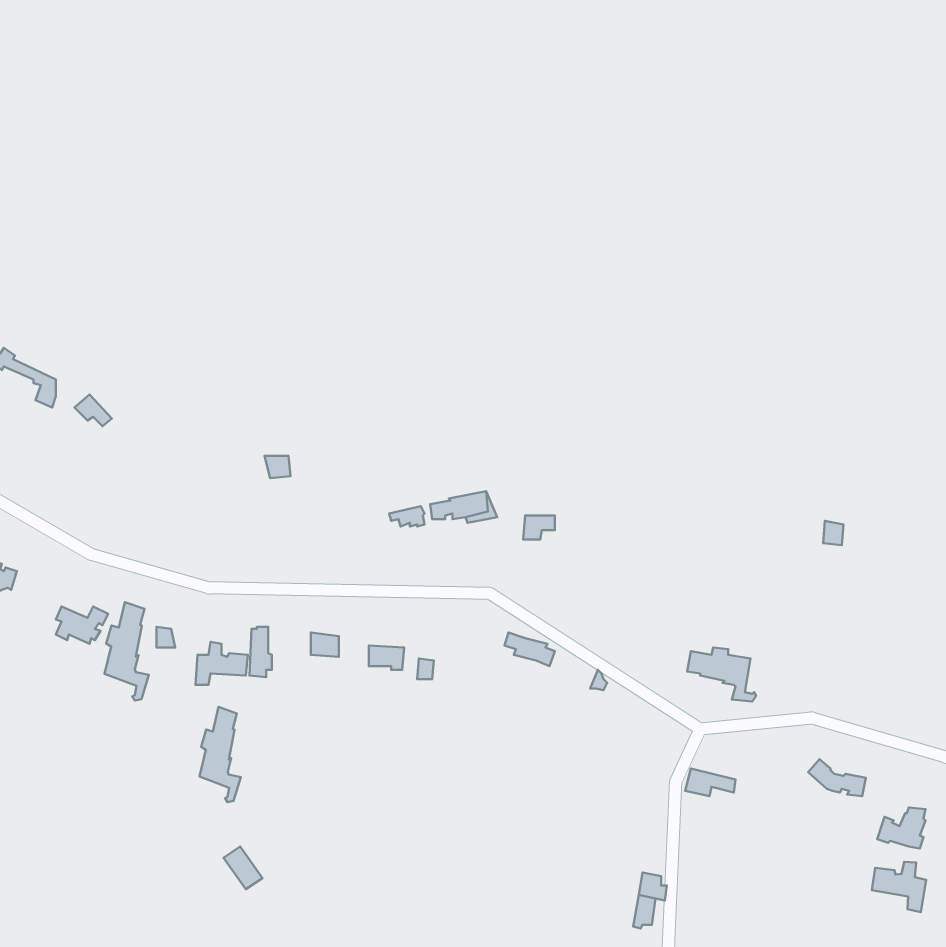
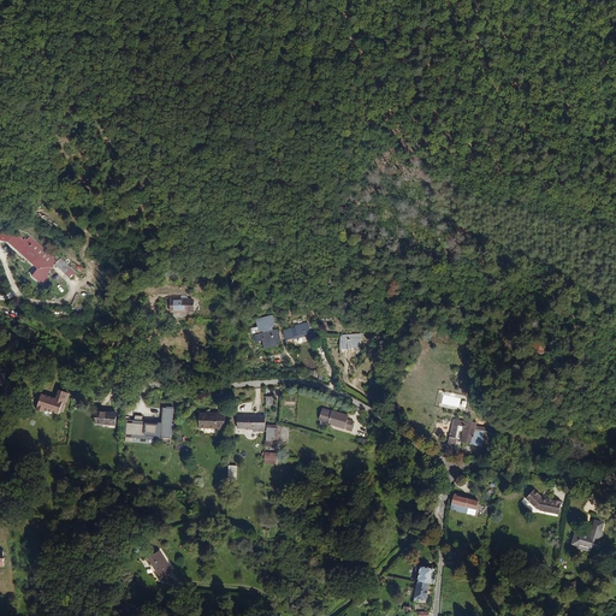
building: [104,602,149,700] -> none
building: [199,707,241,802] -> none
building: [872,862,926,912] -> none

